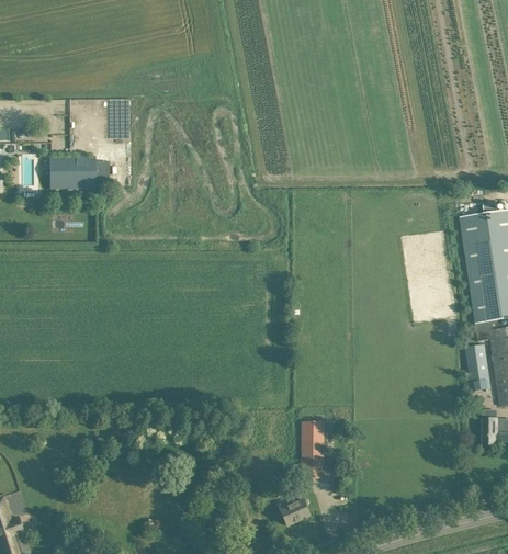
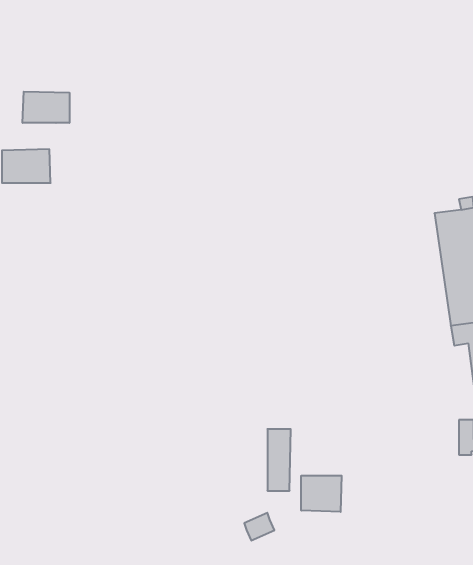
building: none -> [23,92,69,123]
building: [466,344,490,391] -> none
building: none -> [301,476,342,512]

